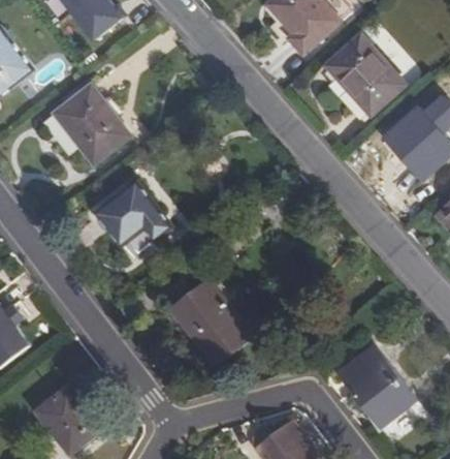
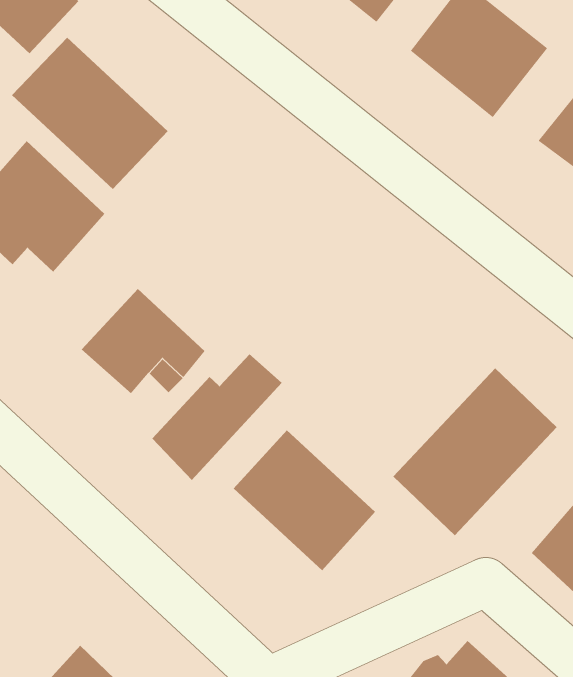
building: none -> [11,37,168,190]
building: none -> [151,353,283,481]
building: none -> [392,367,557,536]

